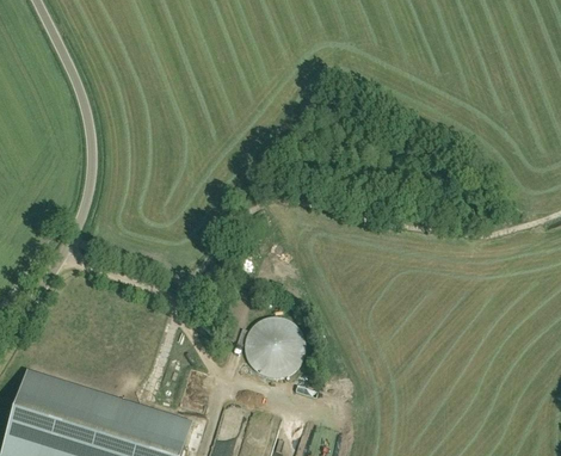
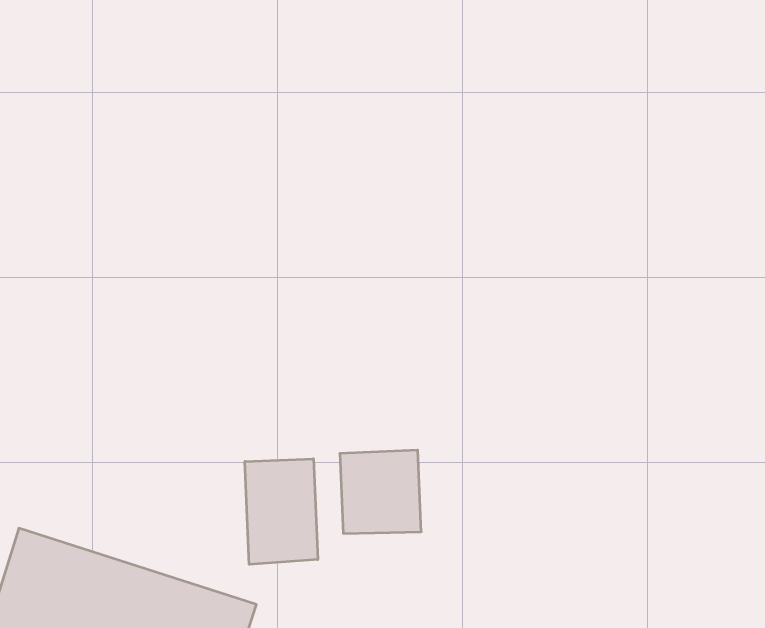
building: none -> [245,459,318,564]

